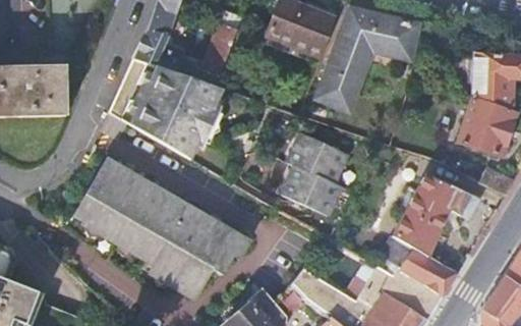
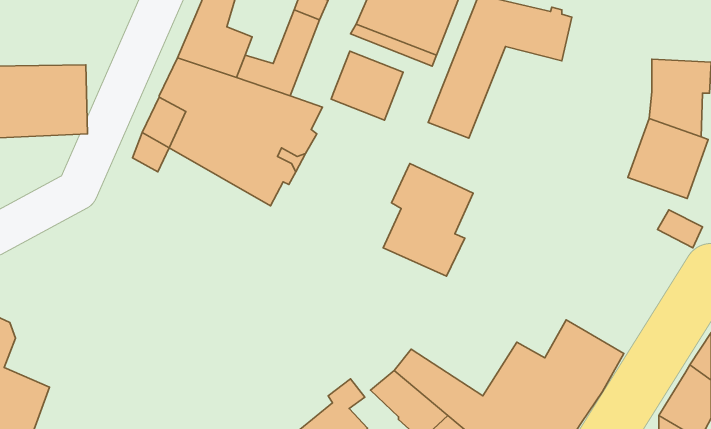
building: none -> [331,51,403,120]
building: [75,159,248,296] -> none
building: [393,170,477,253] -> none

